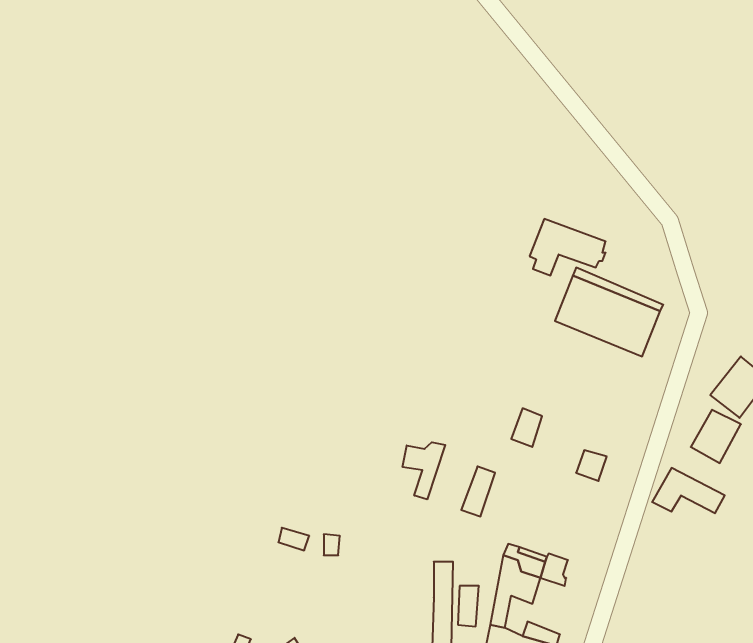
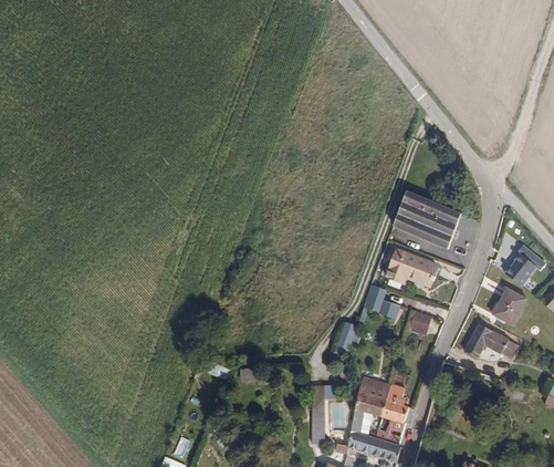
building: [530,219,606,275] -> [388,248,440,287]
building: [403,442,445,499] -> none
building: none -> [380,399,408,425]

